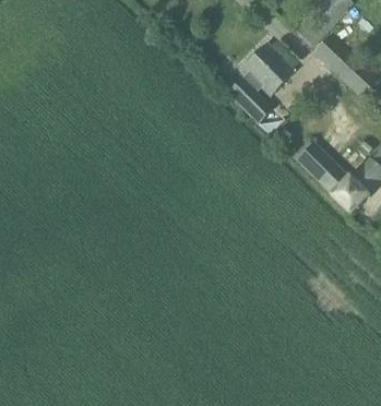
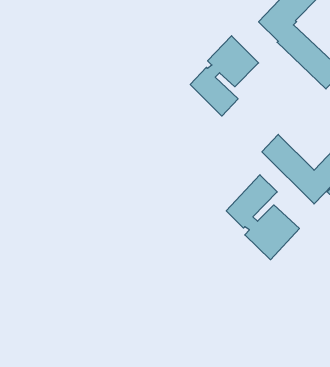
building: none -> [226,175,299,260]

